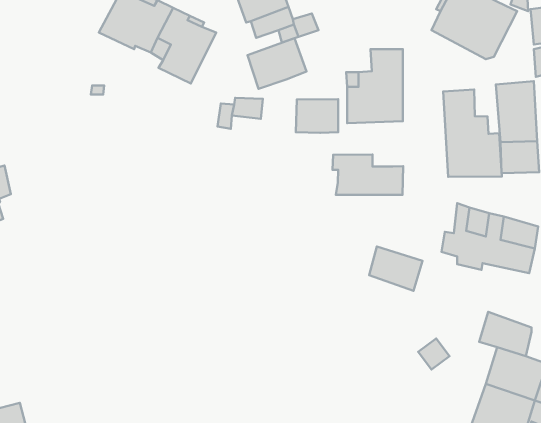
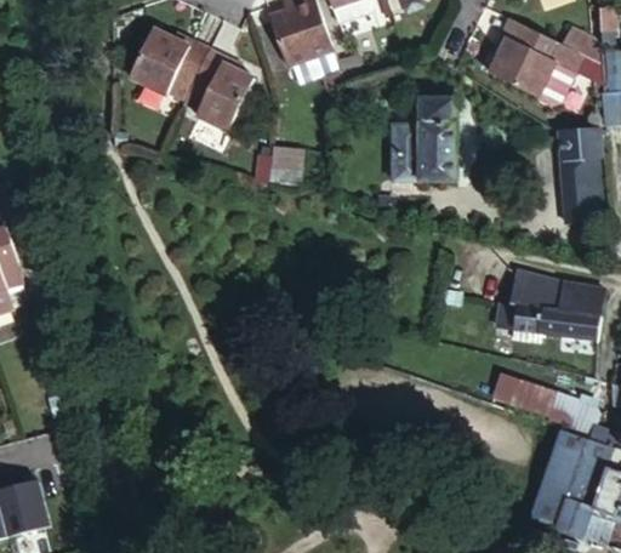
building: [247,38,306,89] -> none
building: [443,90,502,177] -> none
building: [296,99,338,133] -> none
building: [333,155,403,195] -> none
building: [369,246,422,291] -> [491,366,549,415]

